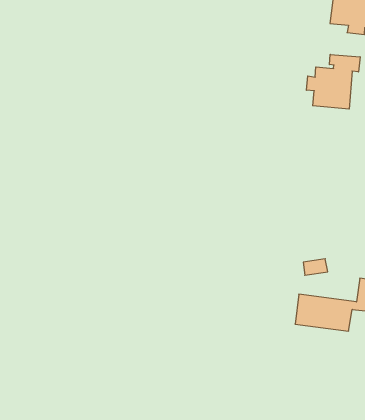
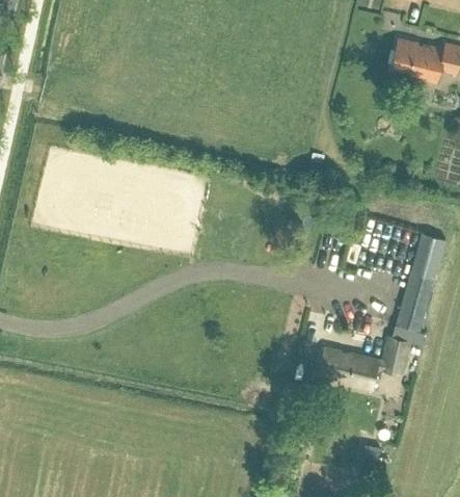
building: [306,54,360,109] -> none

